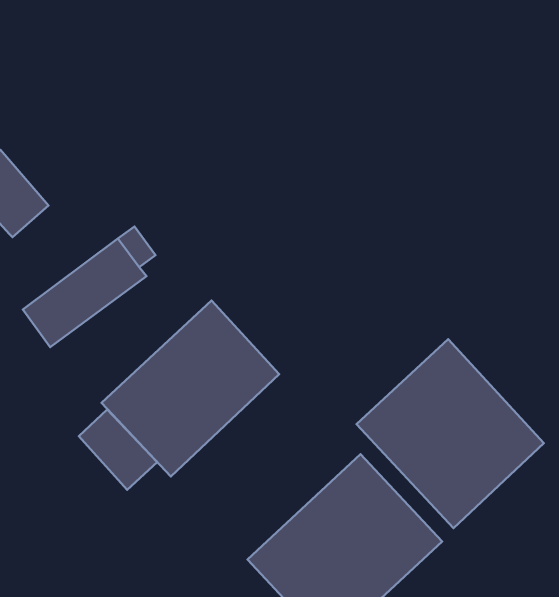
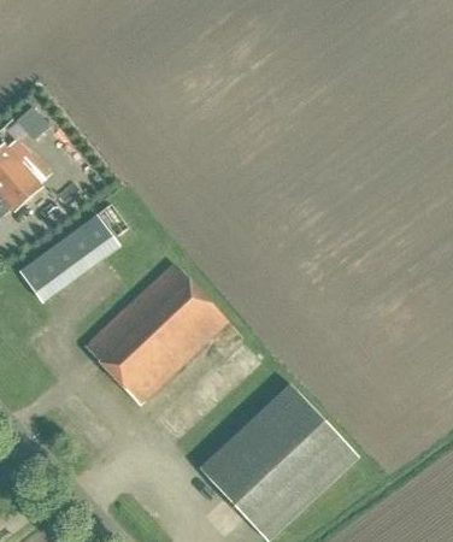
building: [356,339,544,528] -> none
building: [79,409,157,490] -> none

